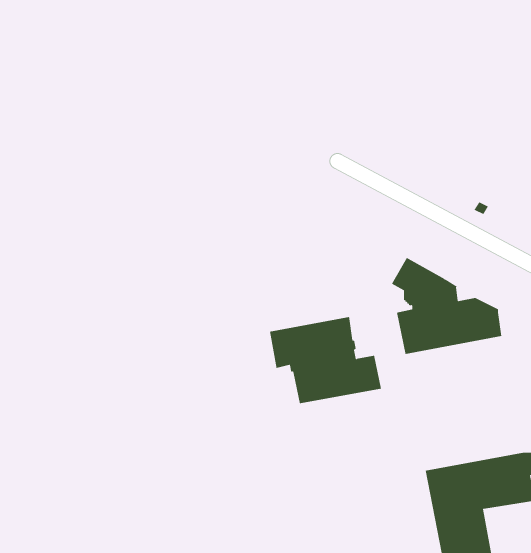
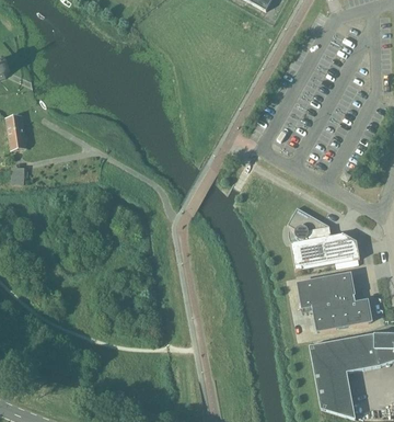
building: [269,316,382,404] -> [299,273,372,330]

